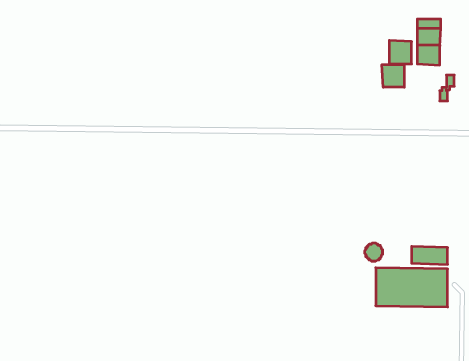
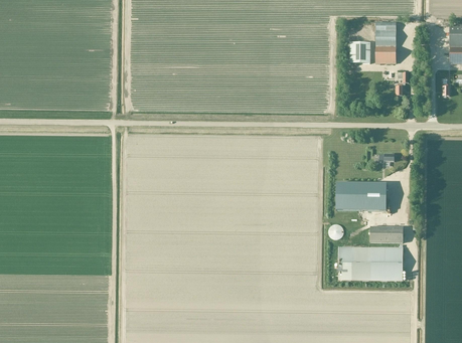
building: [382,65,404,87] -> none
building: none -> [336,183,387,210]

